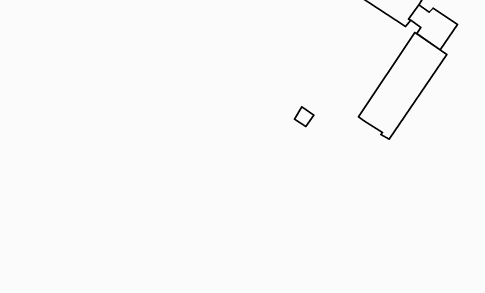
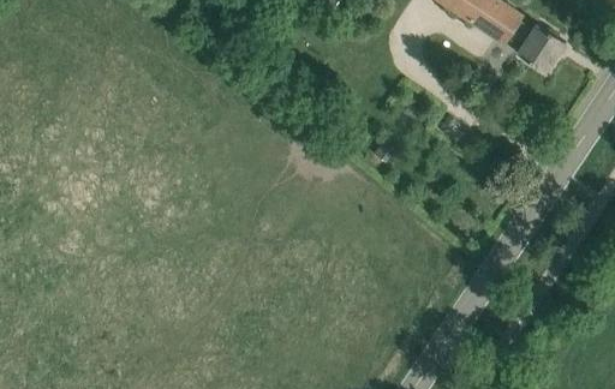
building: [359,33,447,139] -> none

